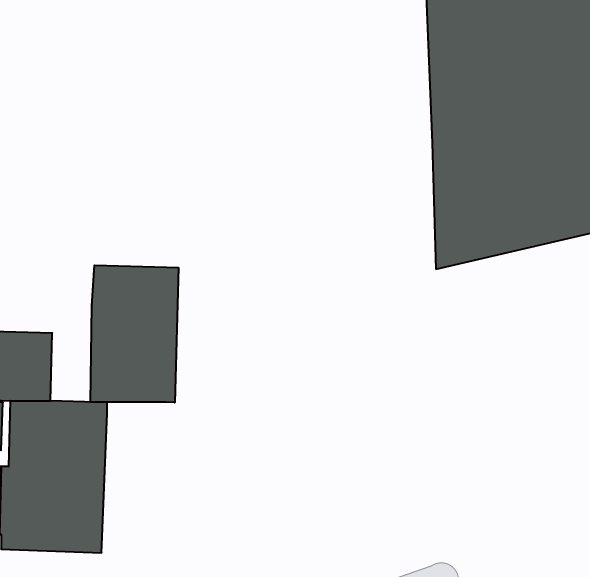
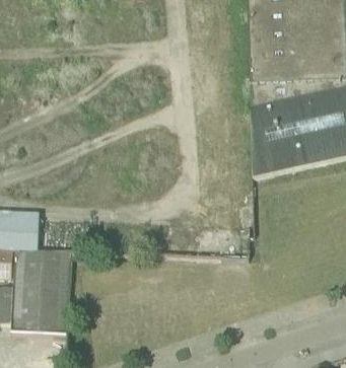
building: [91,265,178,403] -> none

